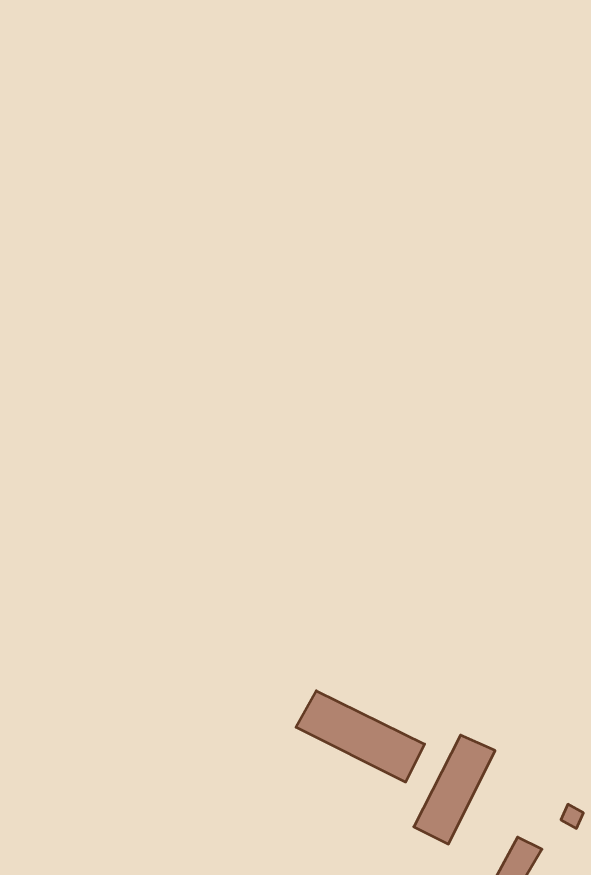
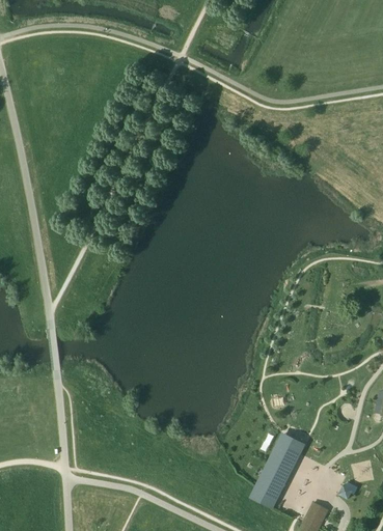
building: [296,691,425,782] -> none

